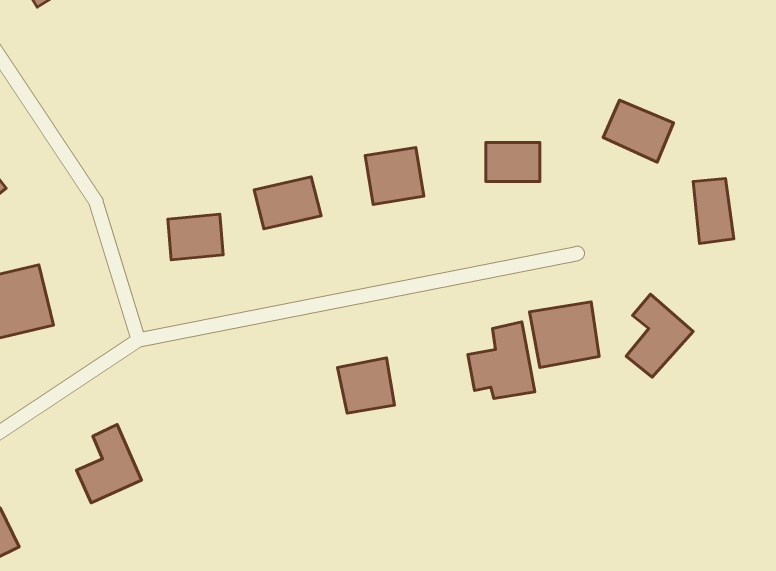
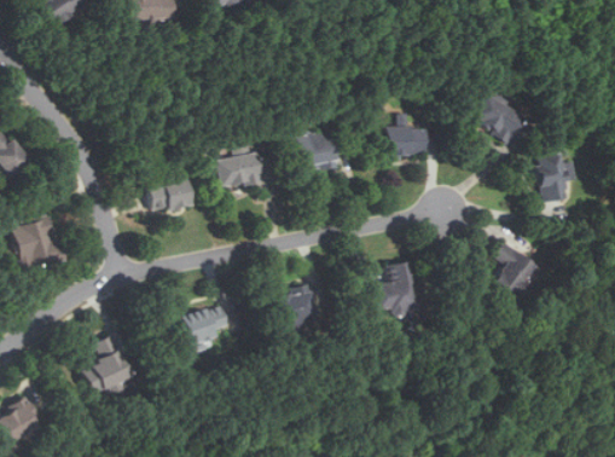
building: [529,302,599,367] -> none
building: none -> [184,303,232,343]

